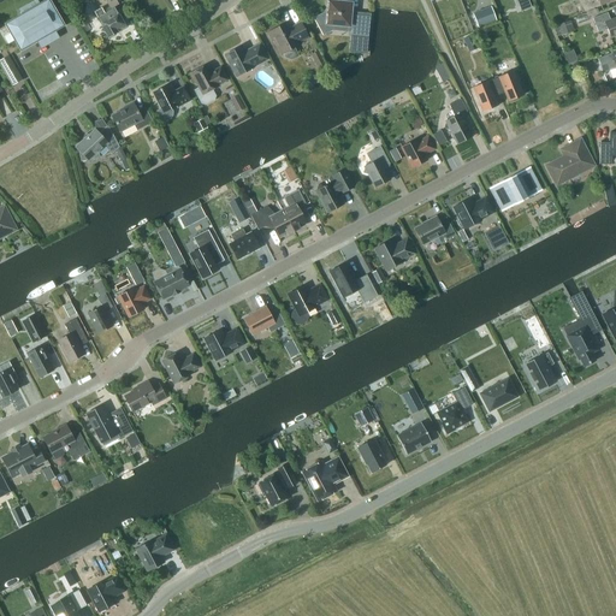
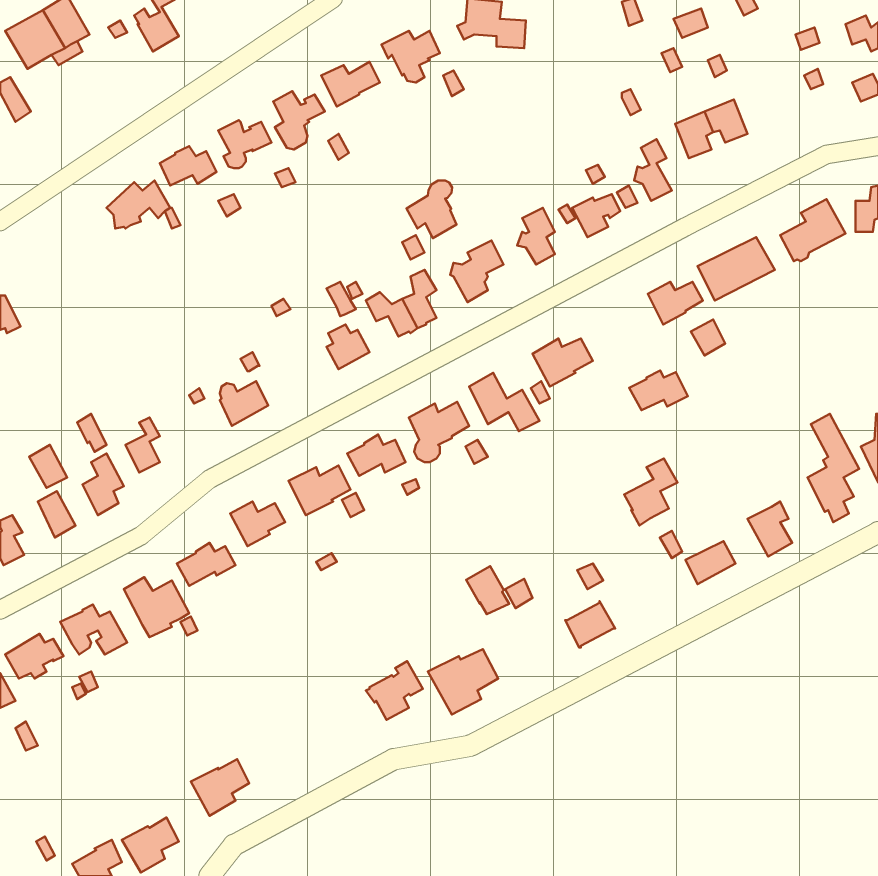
building: none -> [407,180,456,238]
building: [414,215,455,243] -> [629,371,688,410]
building: [189,229,219,277] -> none
building: [118,285,150,315] -> none
building: [436,386,473,433] -> [624,459,677,526]
building: [356,438,386,472] -> [466,566,509,614]

